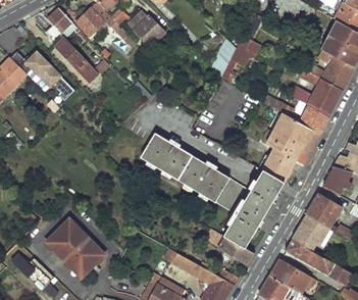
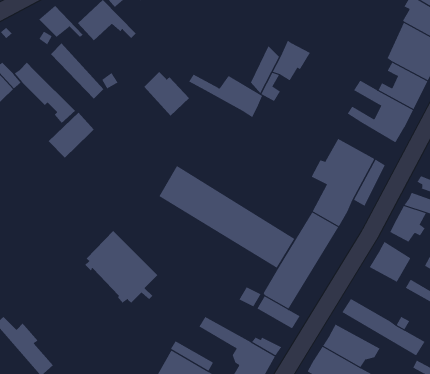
building: [129,11,165,47] -> [144,71,190,116]
building: none -> [48,112,94,159]
building: [269,99,328,134] -> [188,74,263,118]
building: [293,214,329,257] -> none
building: [47,217,105,276] -> [85,230,158,304]

